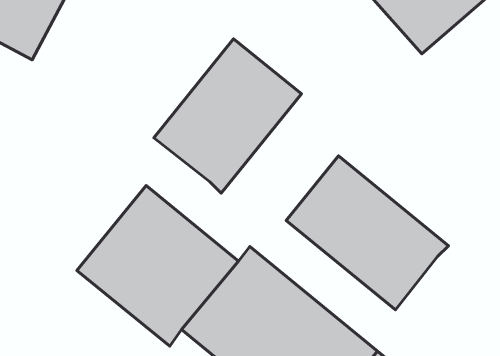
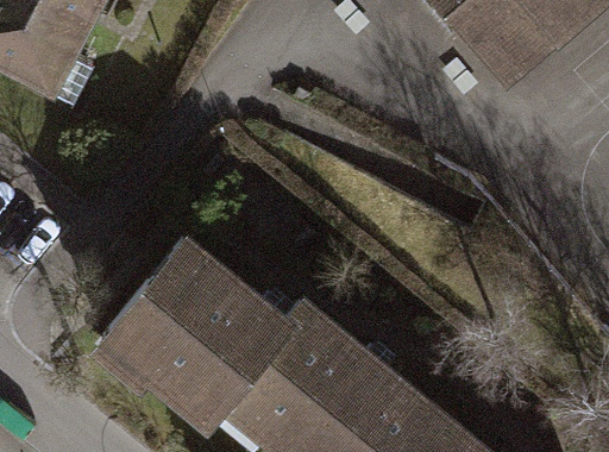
building: [154,39,302,193] -> none
building: [286,156,448,310] -> none

